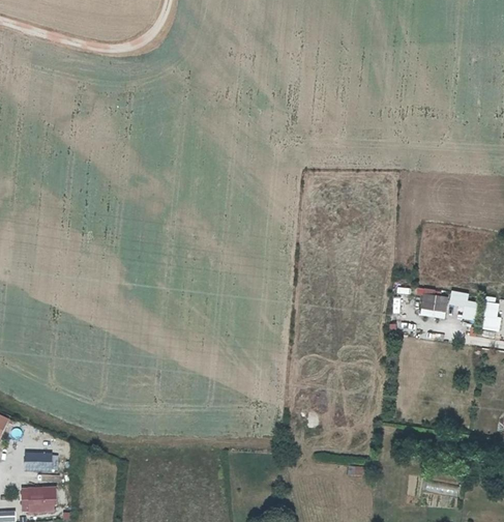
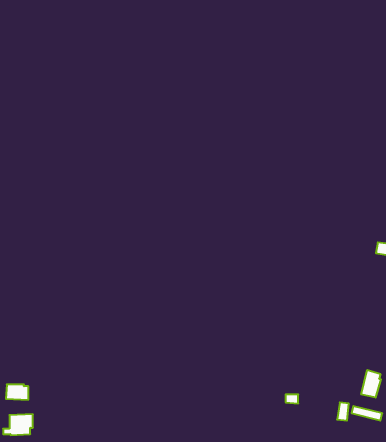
building: [420,293,446,317] -> none
building: none -> [361,370,381,398]

